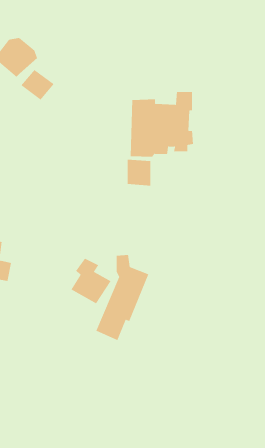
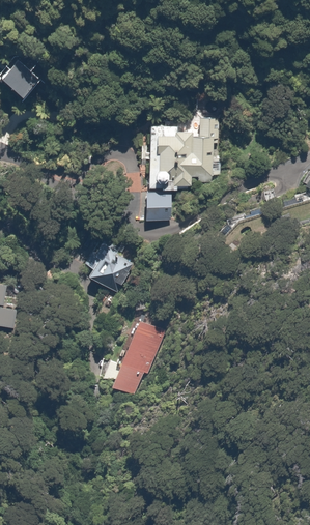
building: [21,69,54,100] -> none
building: [71,258,111,304] -> [88,239,134,291]

